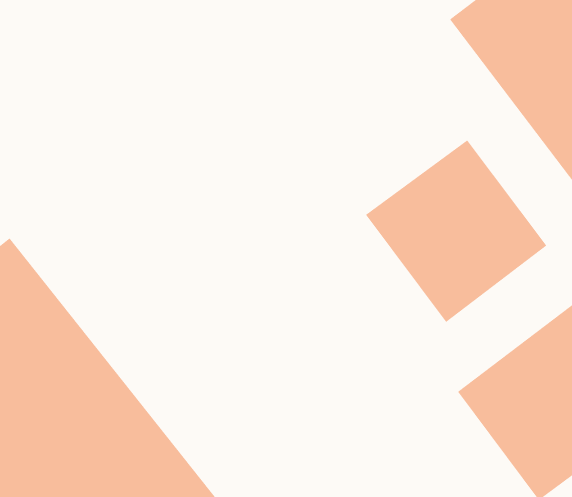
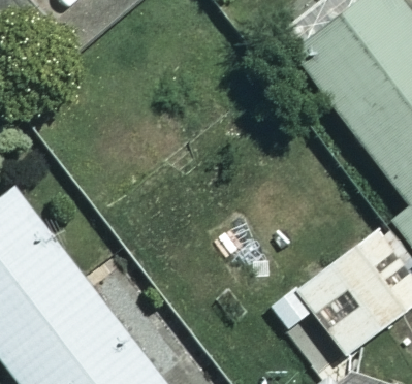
building: [365,140,547,323] -> none

